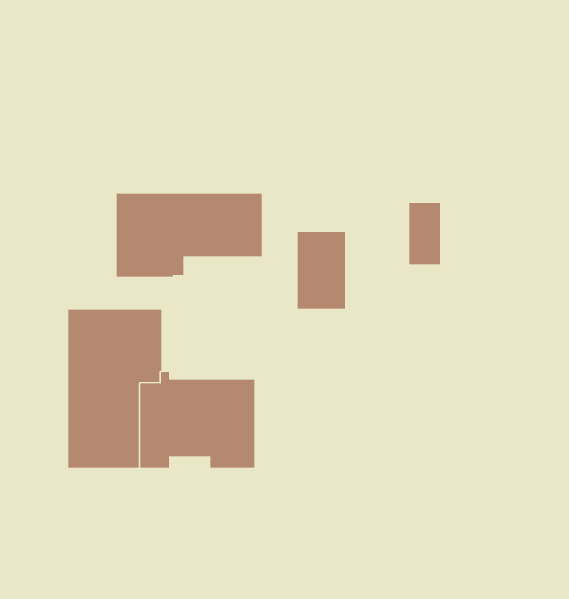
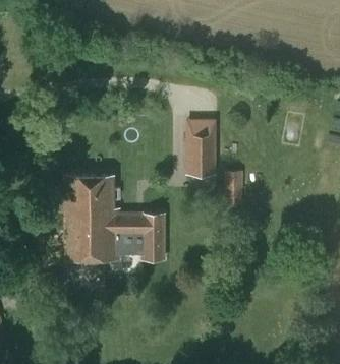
building: [116,193,262,277] -> none
building: [409,202,441,265] -> [224,172,241,205]

